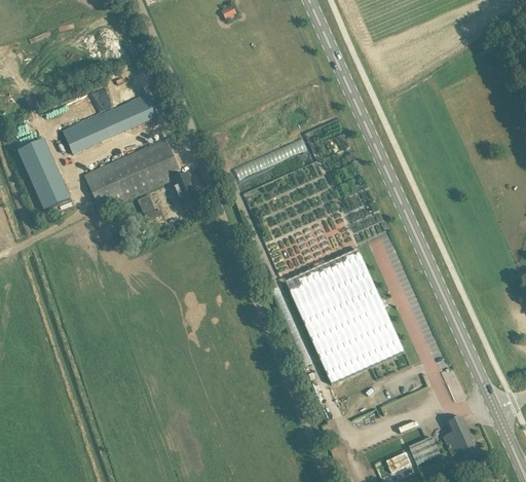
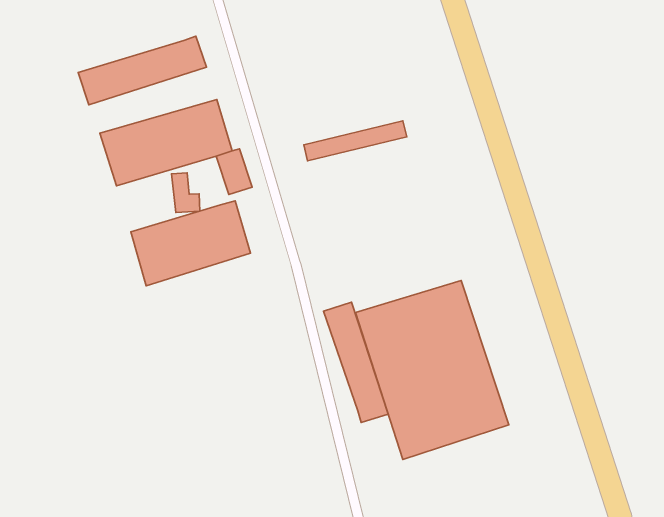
building: [20,138,71,207] -> none
building: none -> [131,201,251,286]
building: none -> [323,302,388,422]

